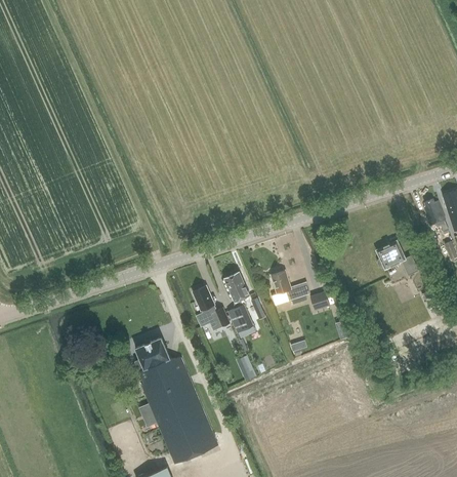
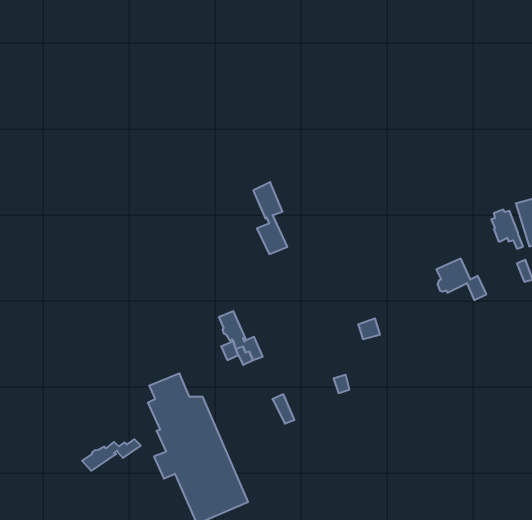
building: [272,271,300,304] -> none
building: [225,272,254,332] -> [253,182,287,254]
building: none -> [82,439,141,471]

